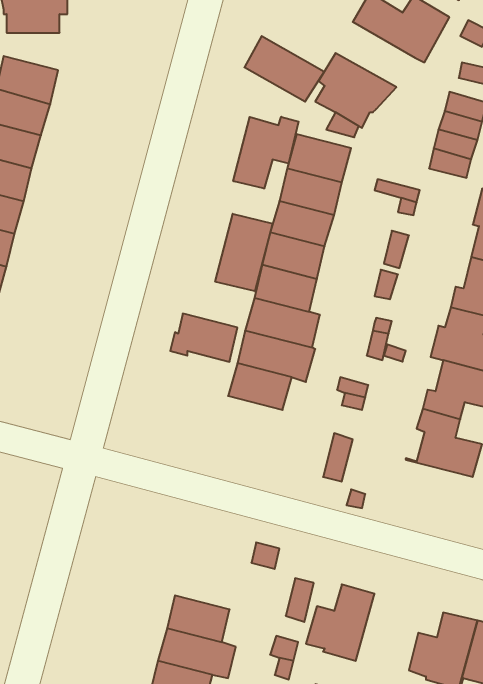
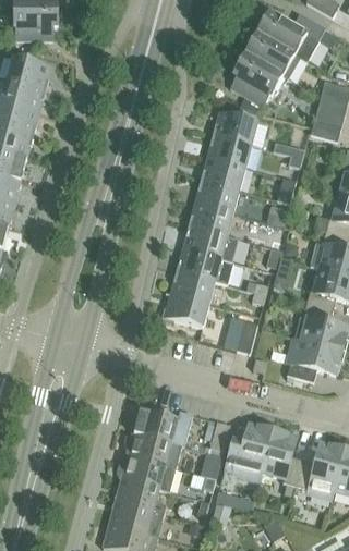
building: [244,36,324,102] -> [244,32,300,77]
building: [233,117,299,189] -> none
building: [215,214,272,291] -> none
building: [170,314,237,362] -> [160,293,207,327]
building: none -> [286,338,340,381]
building: none -> [132,408,192,445]
building: none -> [258,431,302,485]

